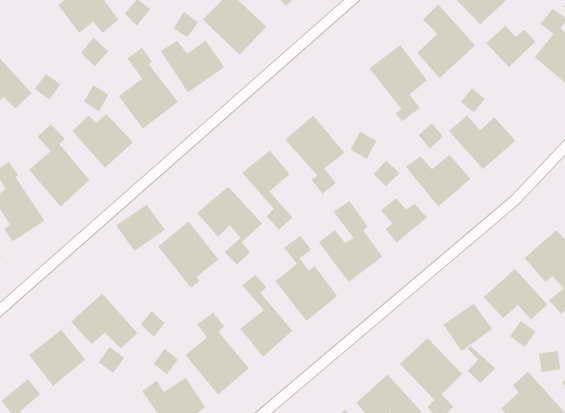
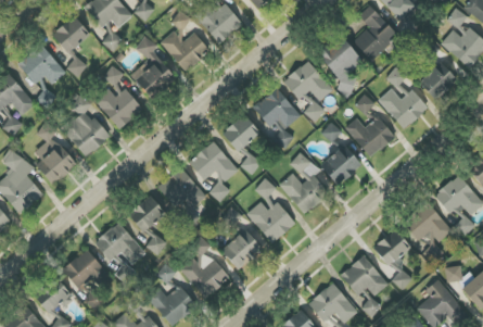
building: none -> [52,15,90,53]
building: [485,24,536,68] -> [420,67,458,100]
building: none -> [283,60,333,101]
building: [115,204,166,252] -> [128,196,166,231]

